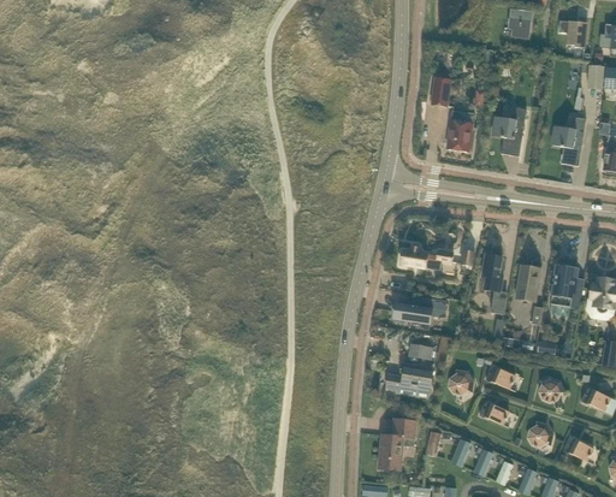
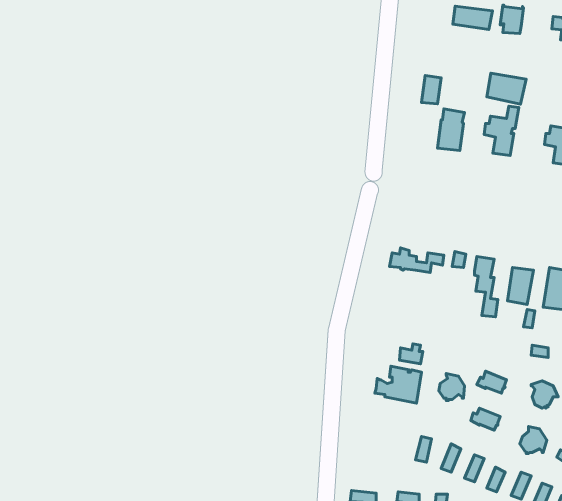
building: none -> [453,6,493,30]
building: none -> [487,73,526,104]
building: [395,296,446,330] -> none
building: [379,420,416,471] -> none

